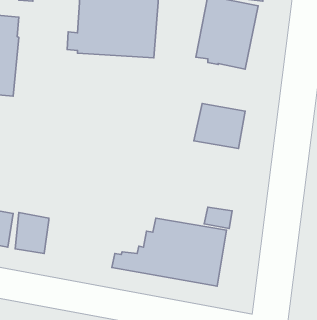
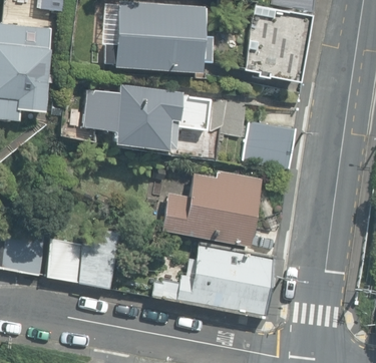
building: none -> [83,84,210,150]
building: none -> [162,170,262,247]
building: none -> [79,227,120,288]

